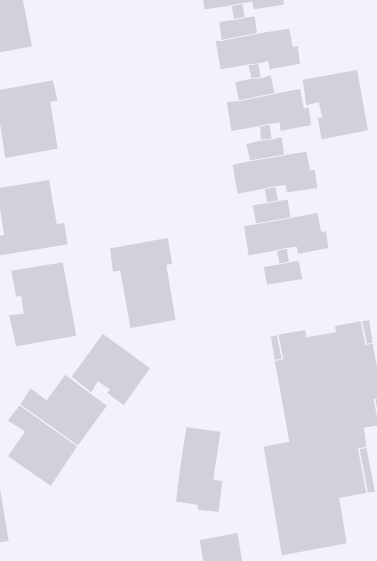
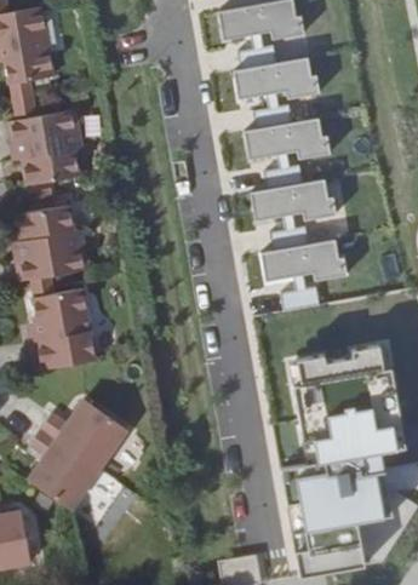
building: [302,69,368,140] -> none
building: [110,237,176,329] -> none
building: [71,333,151,406] -> none
building: [175,427,223,513] -> none

